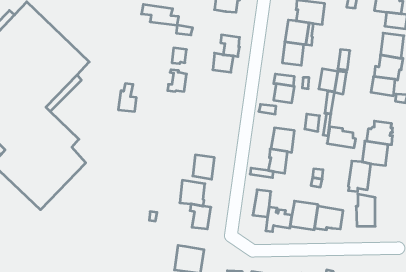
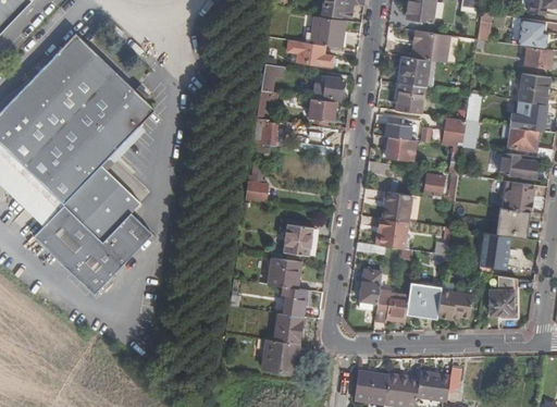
building: [141,4,179,25] -> [286,39,333,65]
building: [118,84,136,111] -> [245,165,268,200]
building: [327,127,356,148] -> [499,152,535,178]
building: none -> [274,313,302,343]

